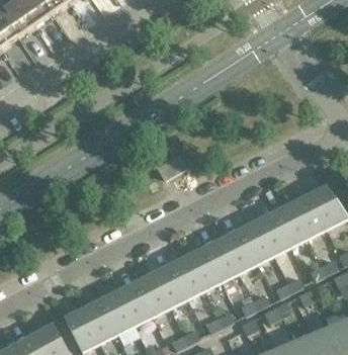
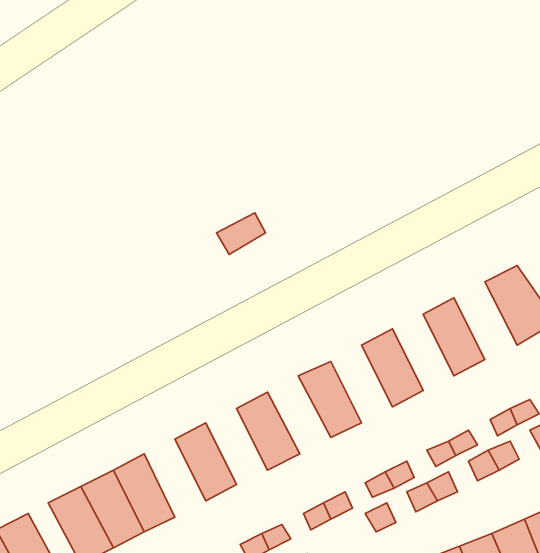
building: [290,193,326,237] -> none
building: [256,211,290,254] -> none
building: [222,229,256,272] -> none
building: [186,246,222,289] -> none
building: [152,264,186,306] -> none
building: [117,281,152,325] -> none

